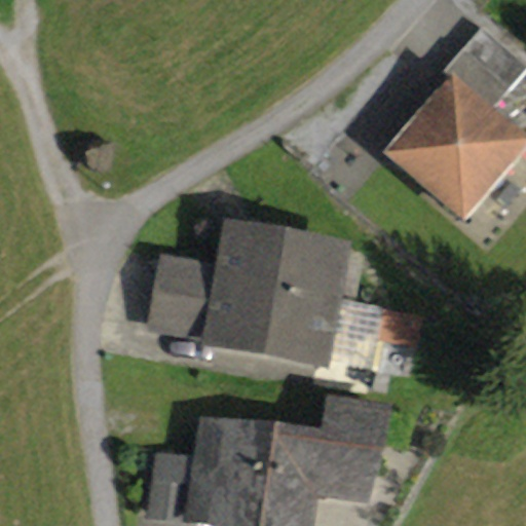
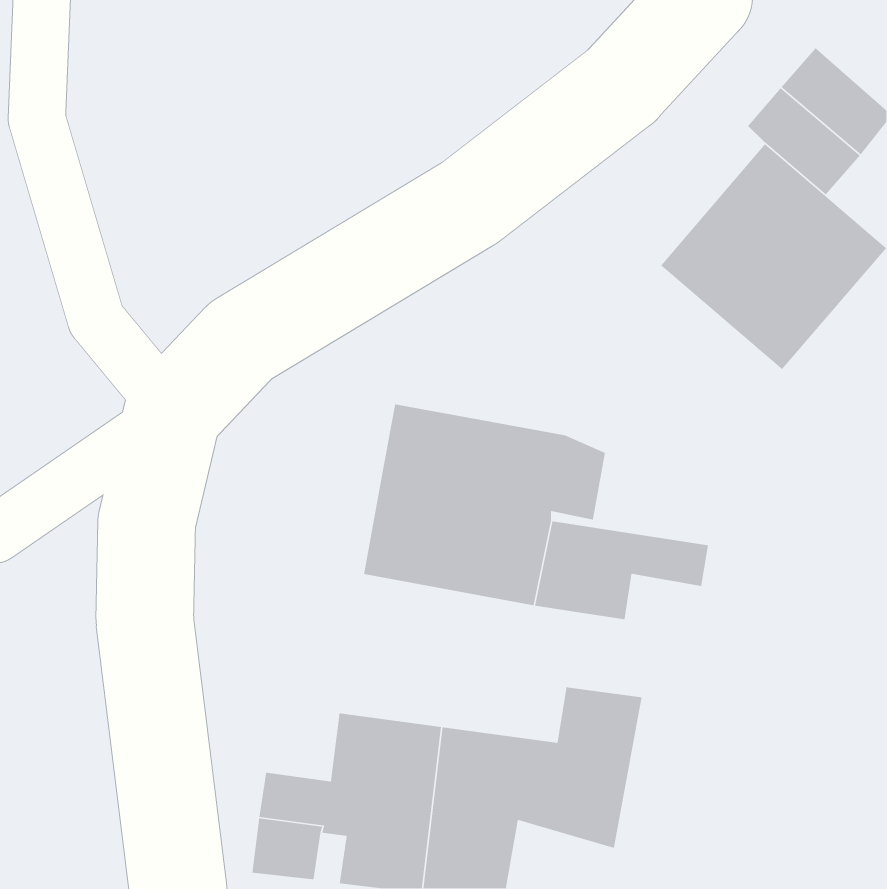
building: [153,264,225,338] -> none

